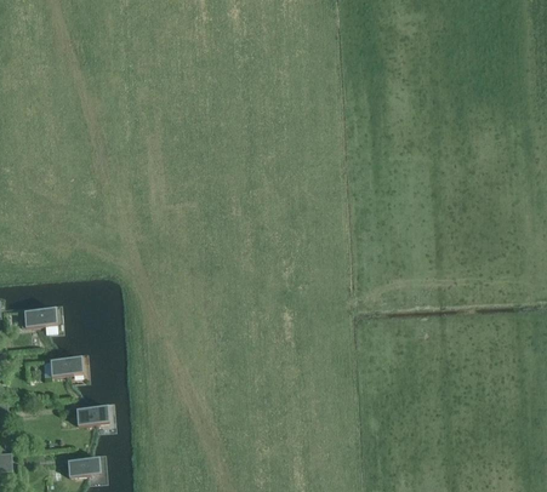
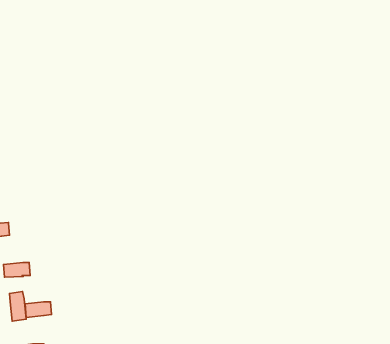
building: none -> [9,292,26,321]

